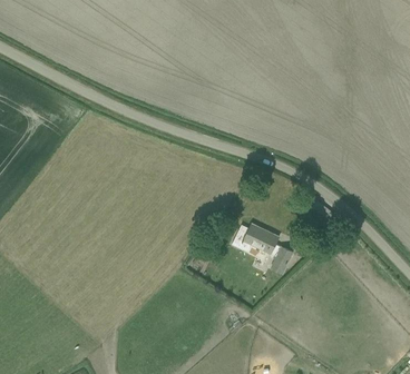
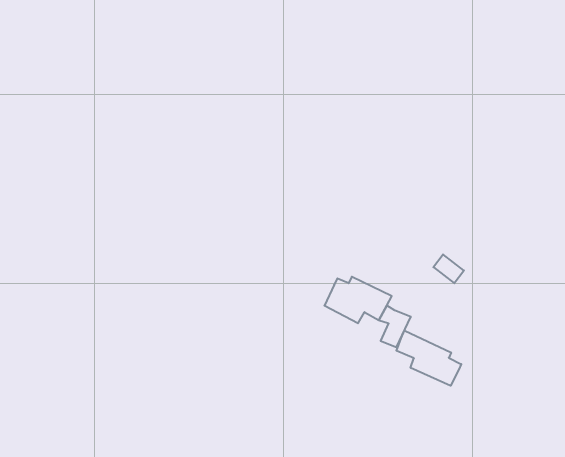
building: none -> [396,330,461,386]

